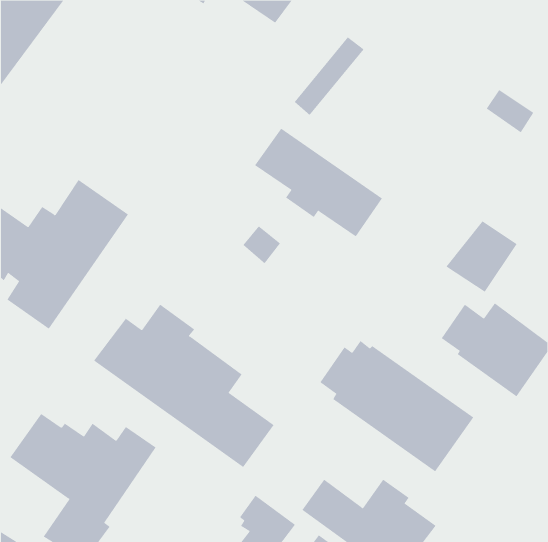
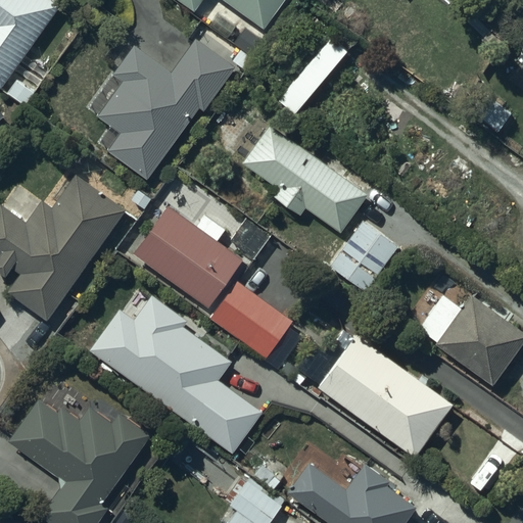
building: none -> [88,39,234,178]
building: none -> [134,207,241,306]
building: [446,221,517,292] -> [328,222,396,290]
building: none -> [210,282,293,359]

